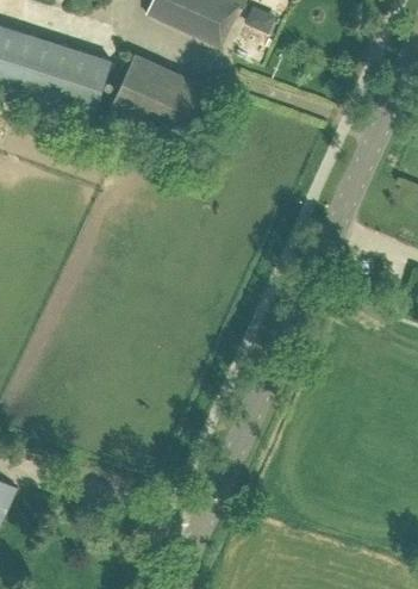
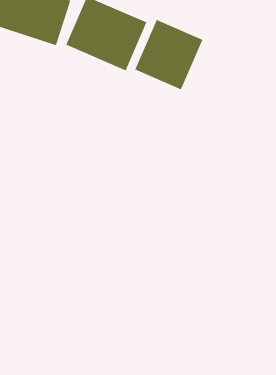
building: none -> [134,19,203,90]

